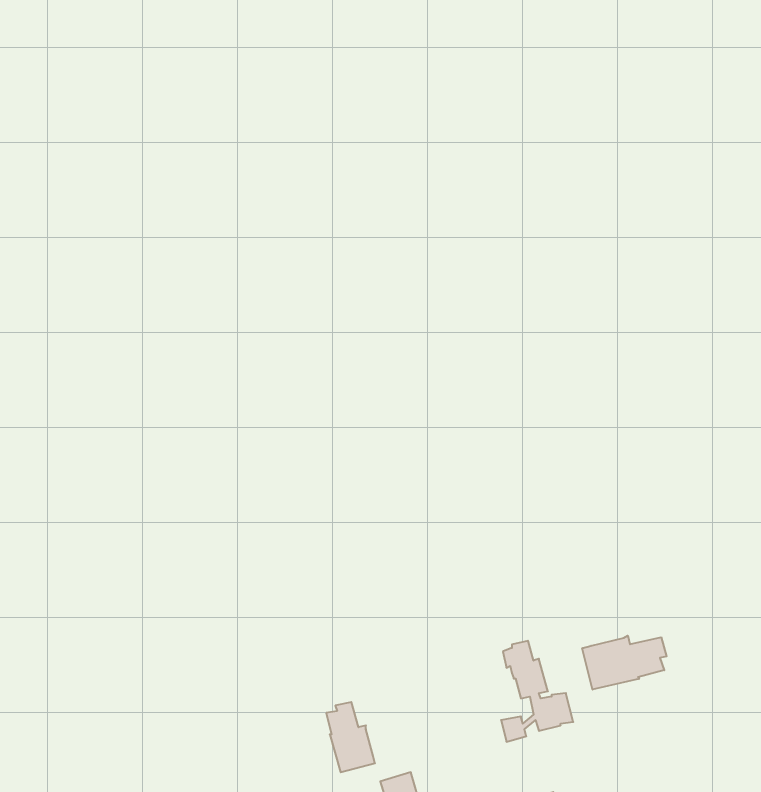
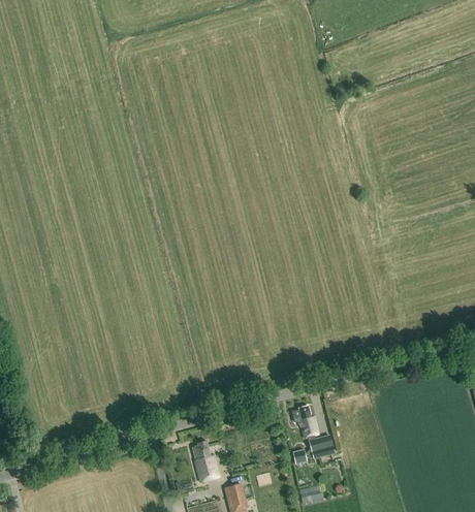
building: [582,636,667,690] -> none

